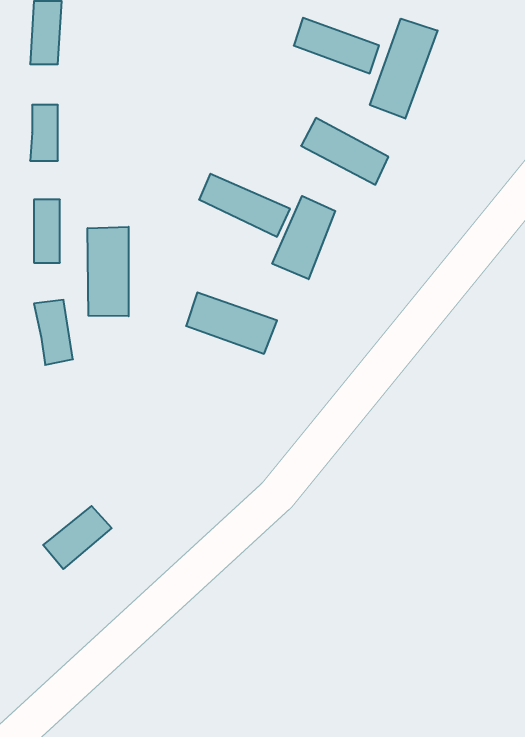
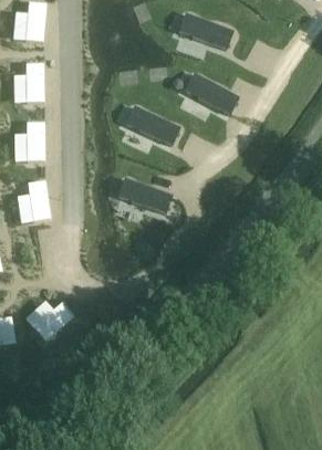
building: [370,19,438,119] -> none
building: [272,196,335,279] -> none
building: [88,227,129,316] -> none

